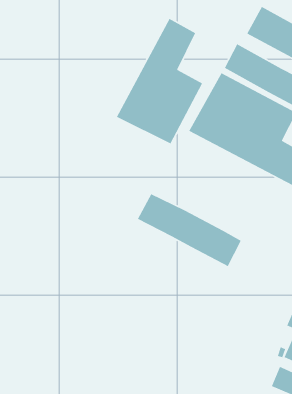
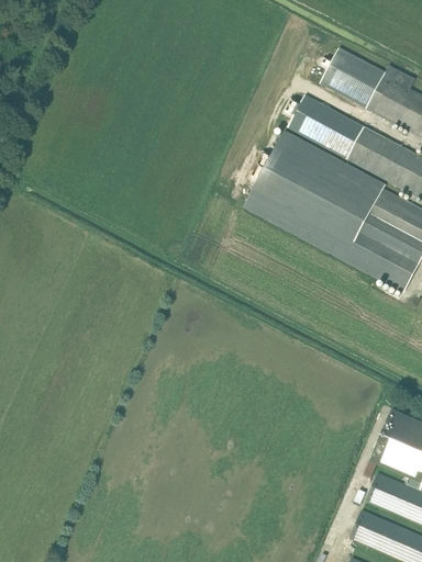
building: [116,18,203,144] -> none
building: [137,193,242,267] -> none

